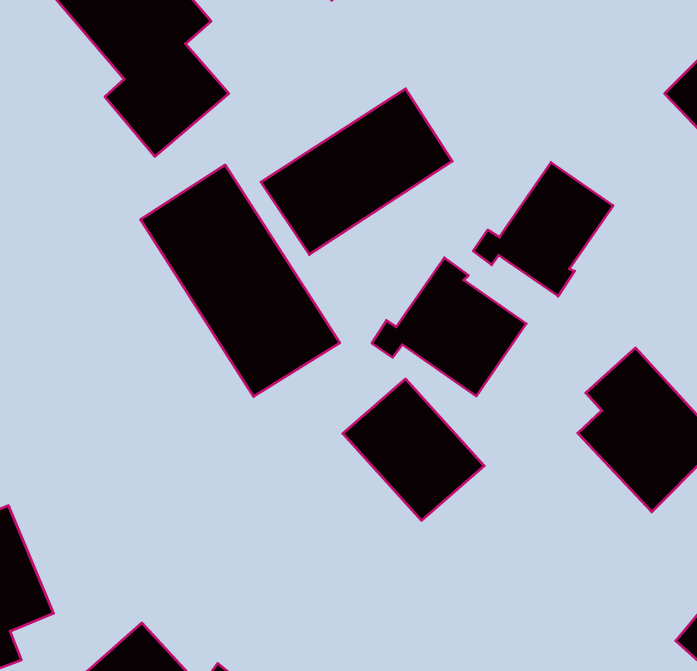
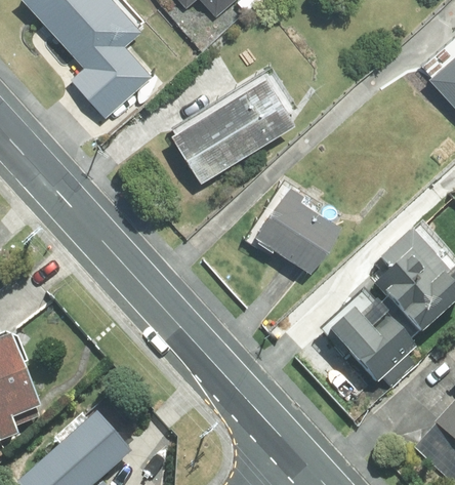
building: [473,162,613,296] -> none
building: [141,165,340,397] -> none
building: [343,379,484,520] -> [328,293,418,383]

